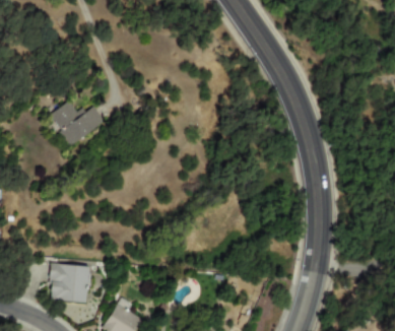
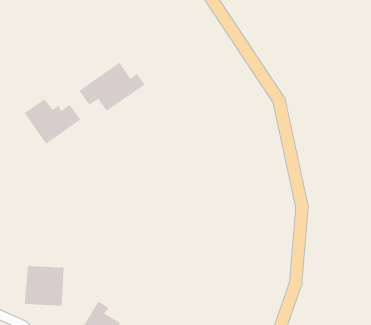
building: none -> [78,62,145,112]

